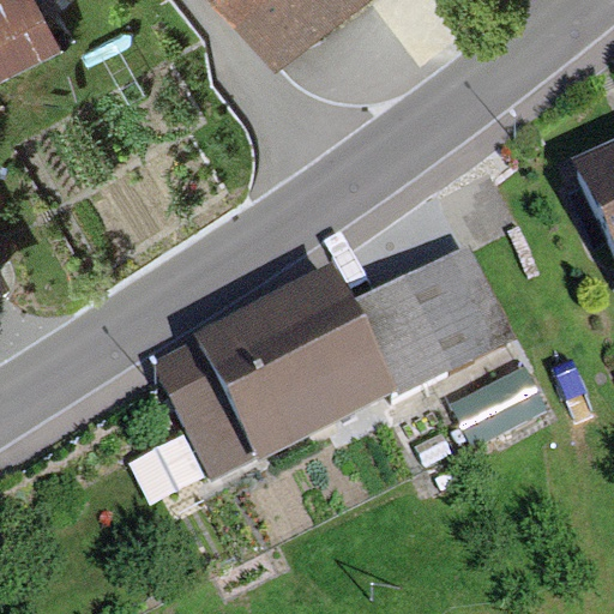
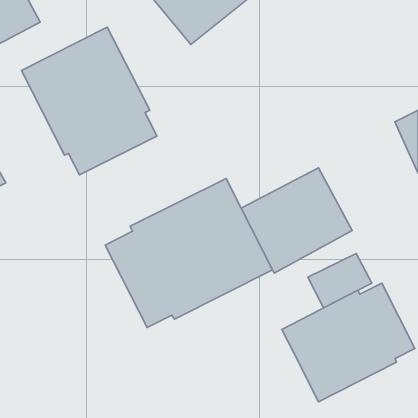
building: none -> [22,27,157,175]
building: none -> [282,283,415,402]

